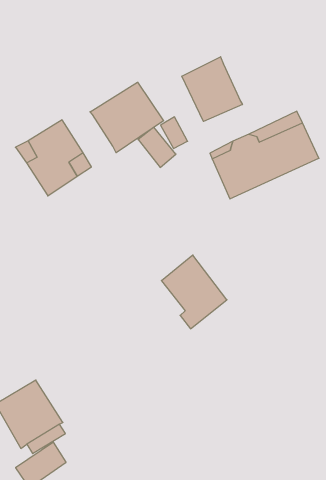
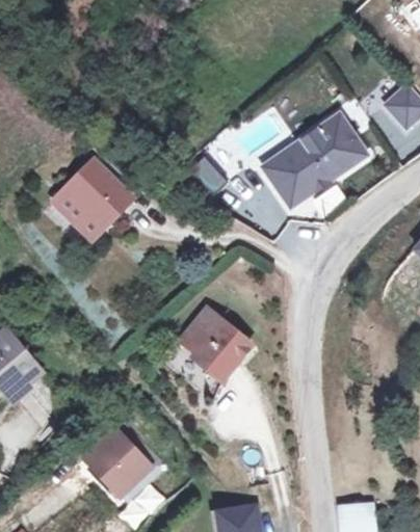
building: [182,57,242,121] -> none
building: [90,82,164,153] -> none
building: [161,255,227,329] -> [183,312,251,384]

